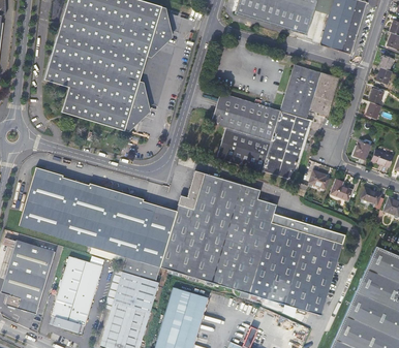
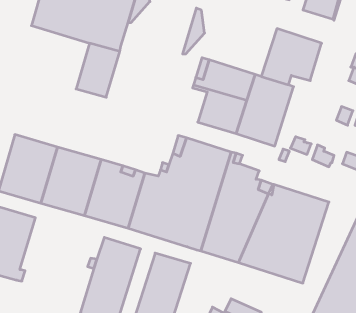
building: [43,60,108,123] -> none
building: [124,86,146,131] -> [183,8,205,54]
building: [48,255,101,334] -> none

